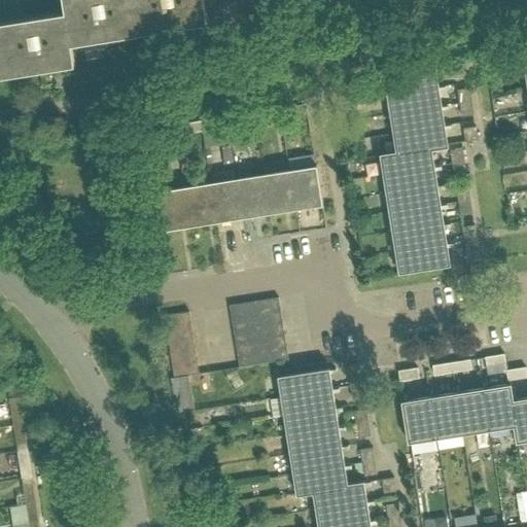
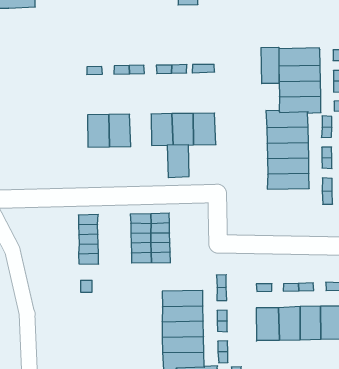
building: none -> [261,47,279,84]
building: [209,179,242,223] -> [167,145,189,178]
building: [394,244,450,274] -> none
building: [277,368,331,398] -> none

